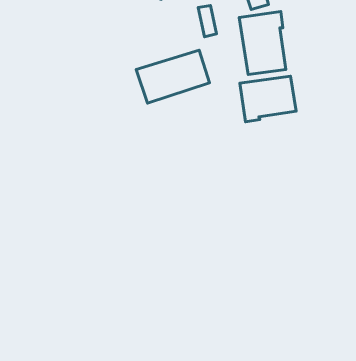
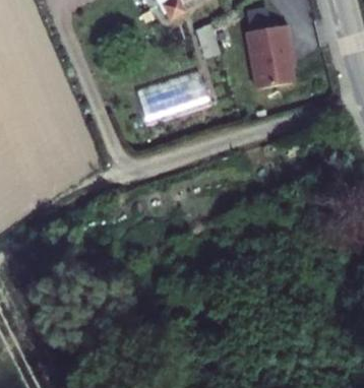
building: [240,76,296,122] -> none

